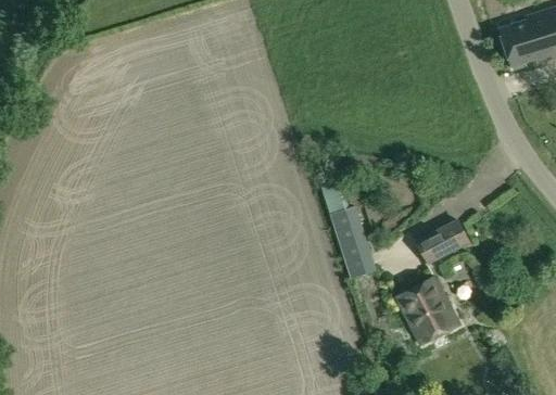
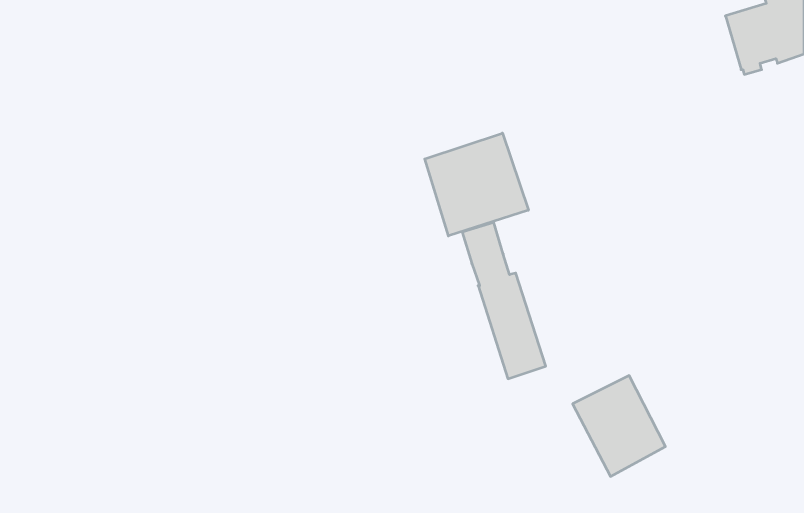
building: none -> [425,133,528,236]
building: [417,218,470,263] -> none

